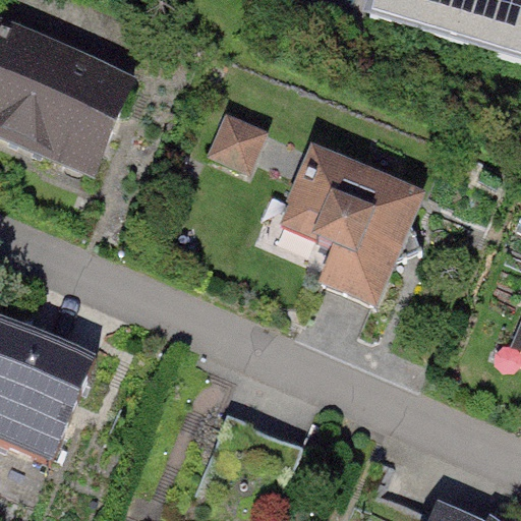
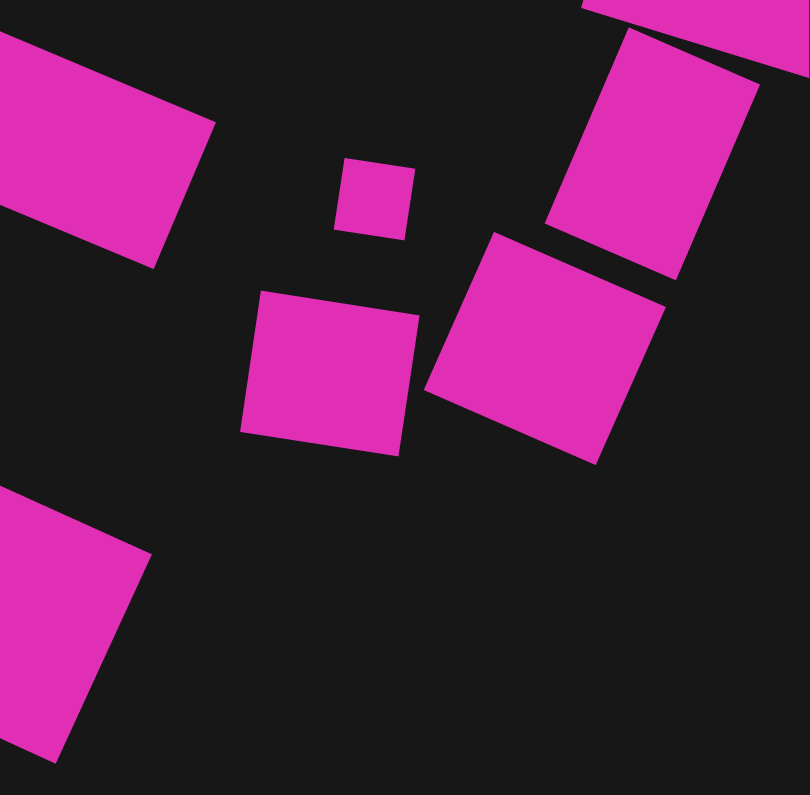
building: none -> [544,27,761,281]
building: none -> [239,290,420,457]

